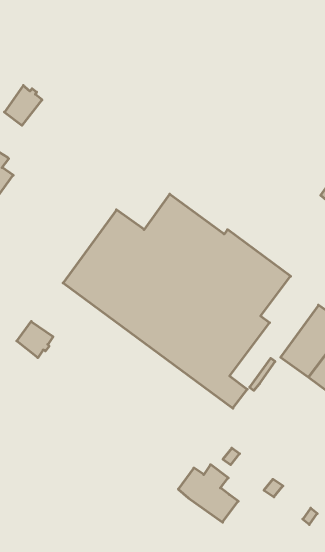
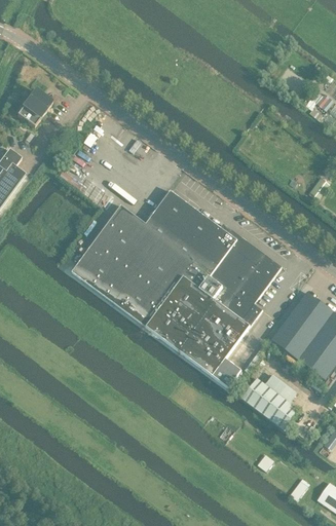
building: [17,321,53,358] -> none
building: [178,465,238,522] -> [241,374,297,427]

